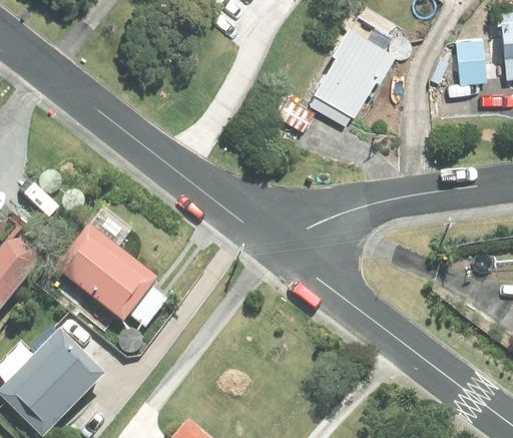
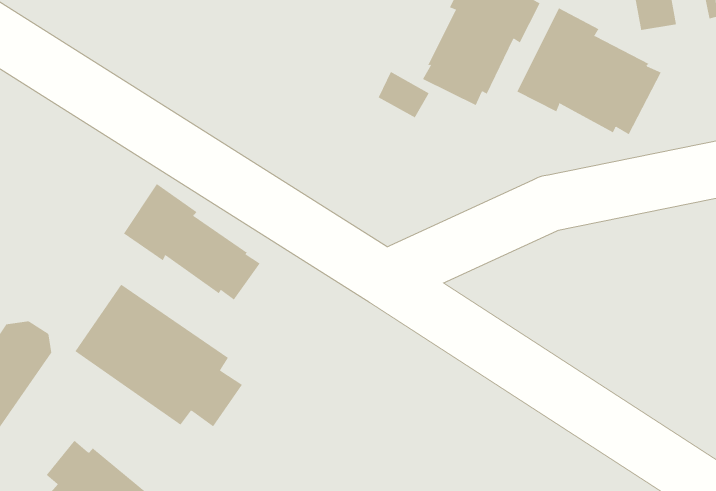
building: none -> [517,7,662,135]
building: none -> [123,183,261,300]

